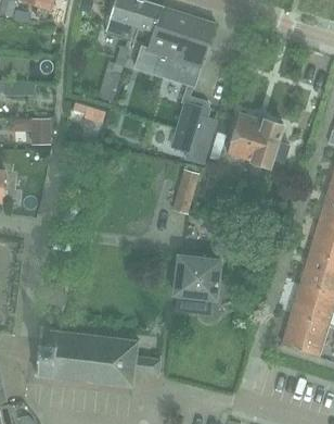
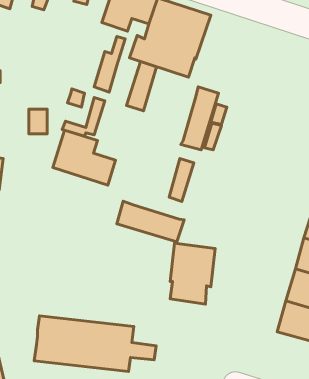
building: [170,100,201,150] -> [126,61,156,111]
building: [227,112,290,167] -> none
building: none -> [53,130,116,185]
building: none -> [117,201,184,242]

